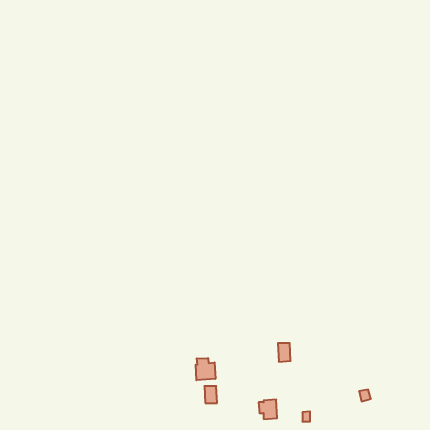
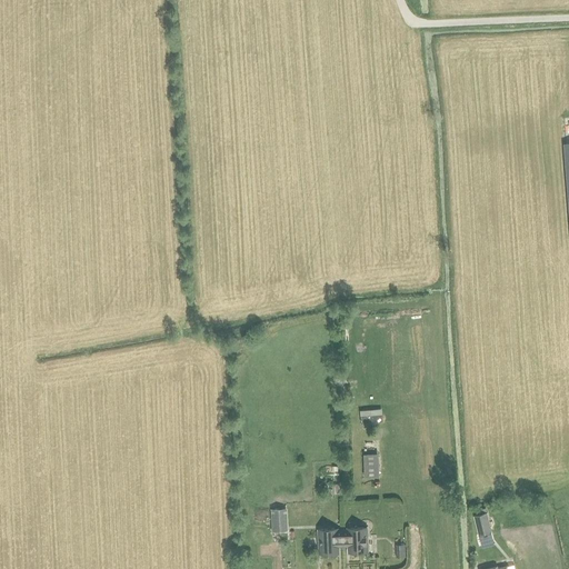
building: [196,358,215,380] -> none
building: none -> [317,529,341,555]

